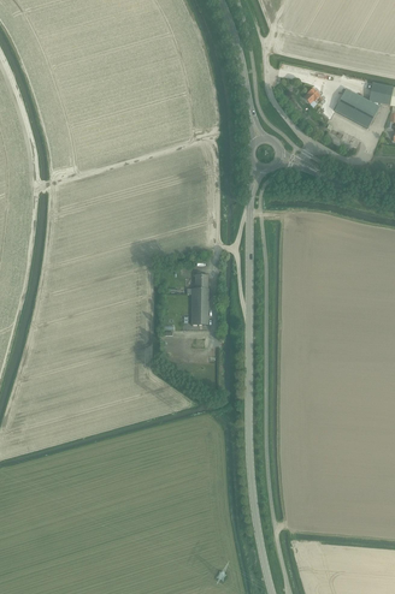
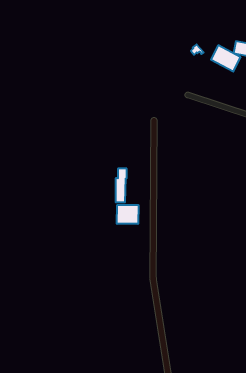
building: none -> [117,205,138,224]

